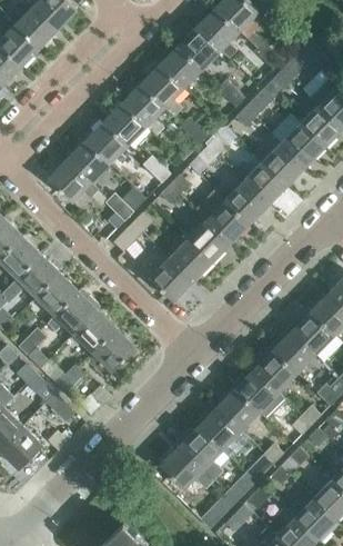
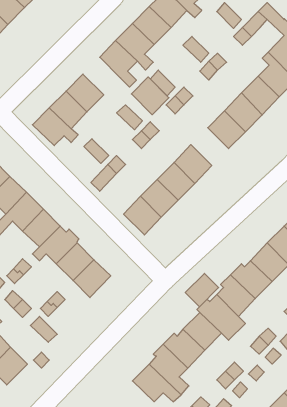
building: [104,102,147,145] -> [131,77,169,115]
building: [225,181,268,224] -> none
building: none -> [185,273,219,307]

